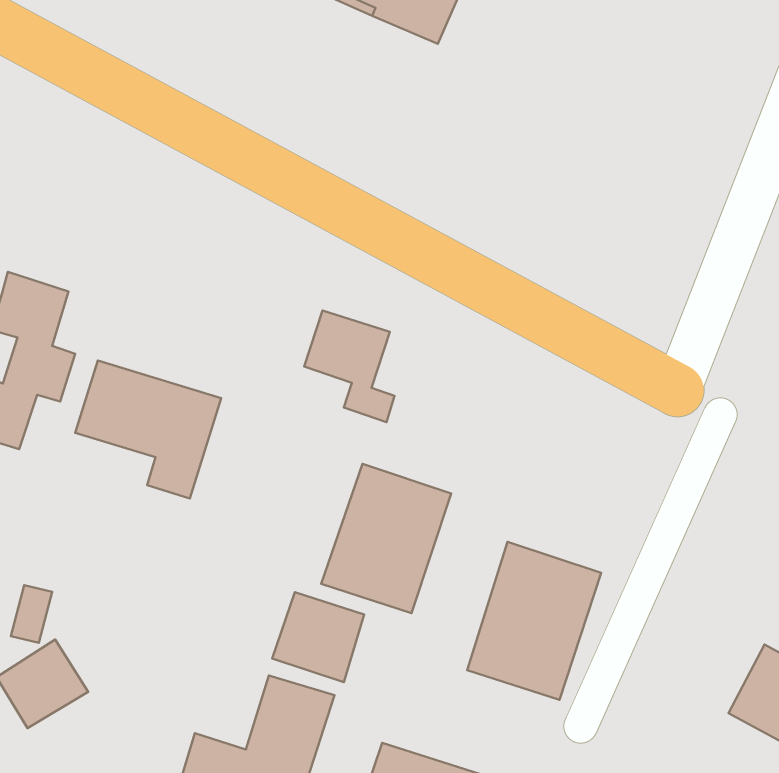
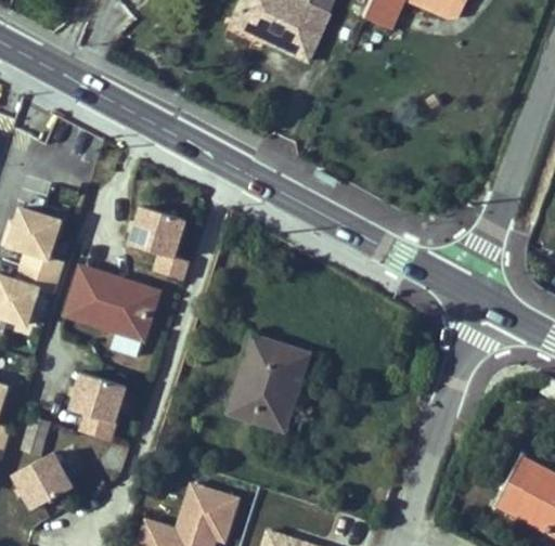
building: [304,311,395,422] -> [130,206,190,280]
building: none -> [72,373,127,441]
building: [467,542,601,700] -> none
building: [272,592,364,682] -> none

